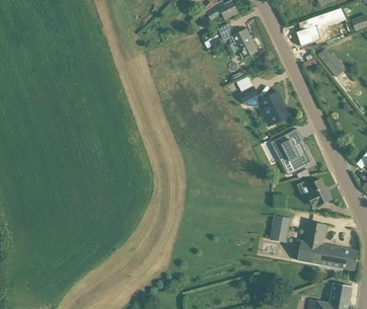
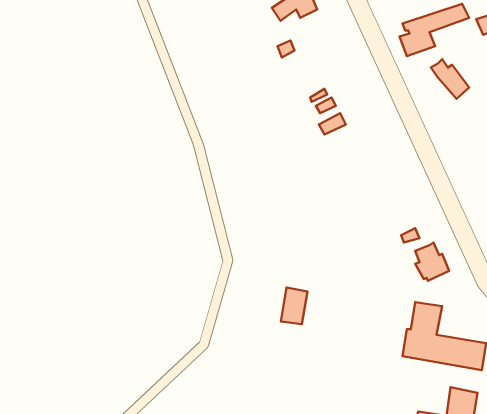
building: [218,23,258,59] -> none
building: [260,91,290,126] -> none
building: [273,134,310,172] -> none
building: [271,215,290,241] -> [281,287,308,324]

